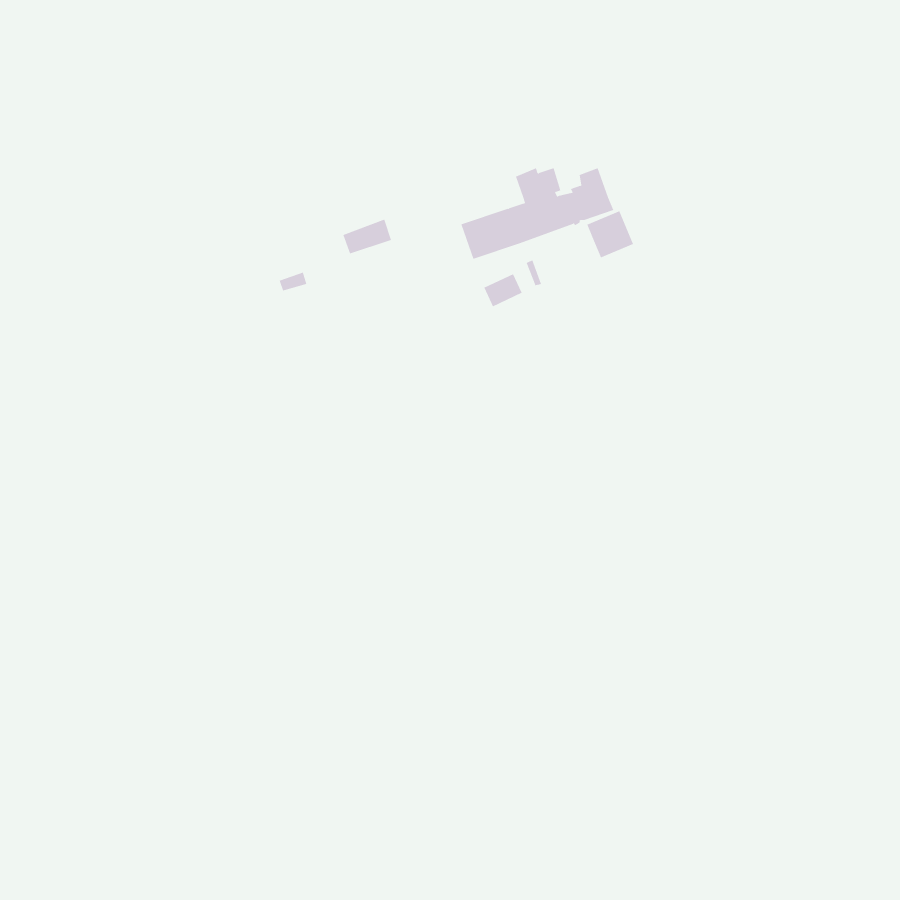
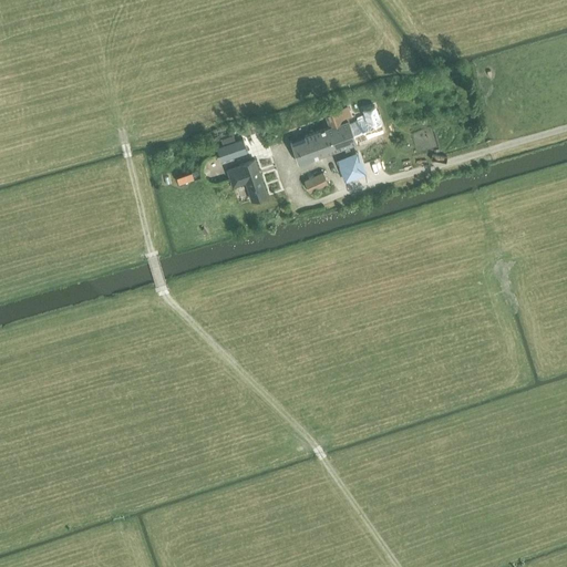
building: [586,211,634,258] -> [336,153,365,183]
building: none -> [227,161,267,202]

